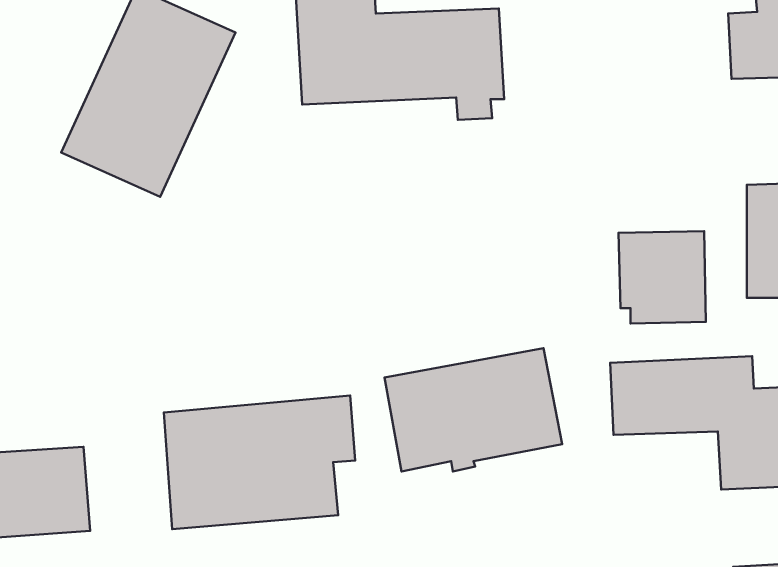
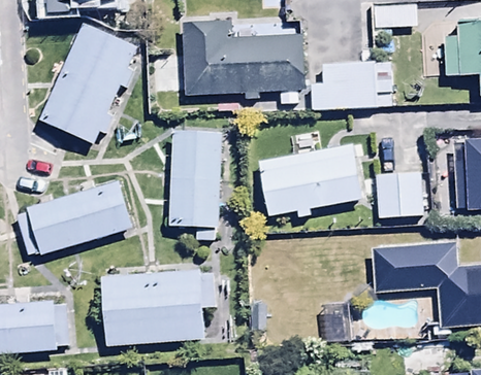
building: none -> [309,58,392,110]
building: none -> [169,130,222,241]
building: none -> [15,181,130,254]
building: [384,348,562,472] -> [257,143,364,217]

